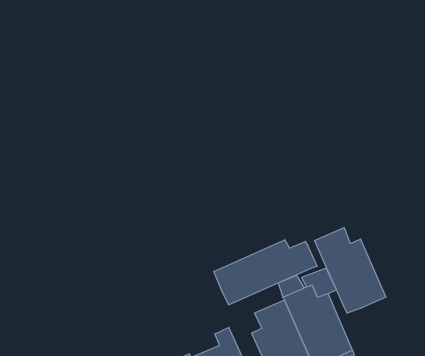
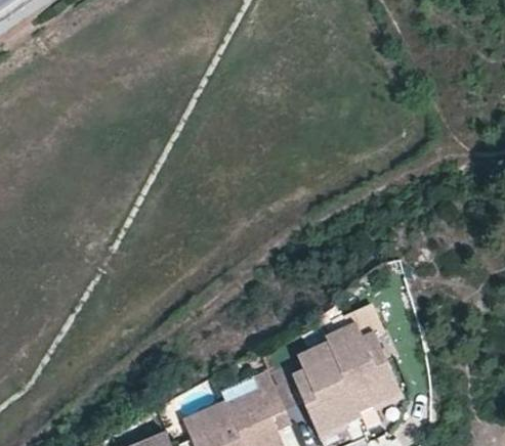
building: [315,227,386,313] -> none
building: [214,240,317,305] -> none

